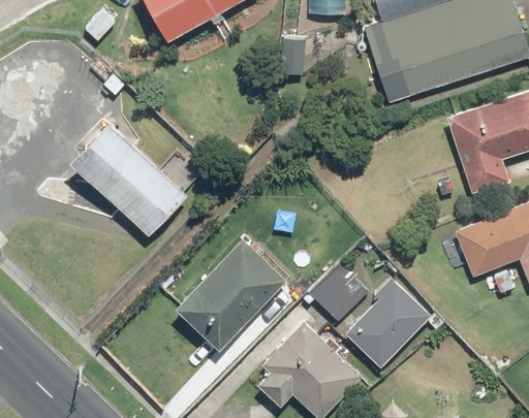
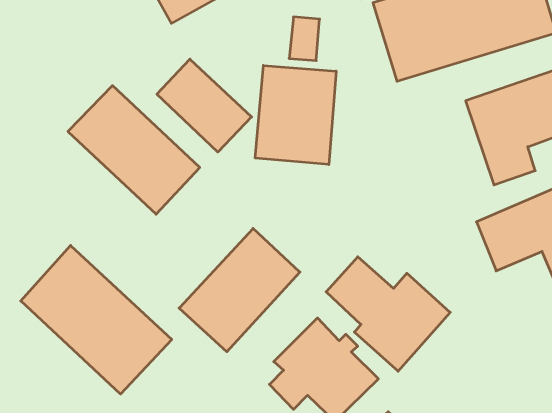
building: none -> [157,59,252,152]
building: none -> [255,65,336,165]
building: none -> [21,245,172,394]

